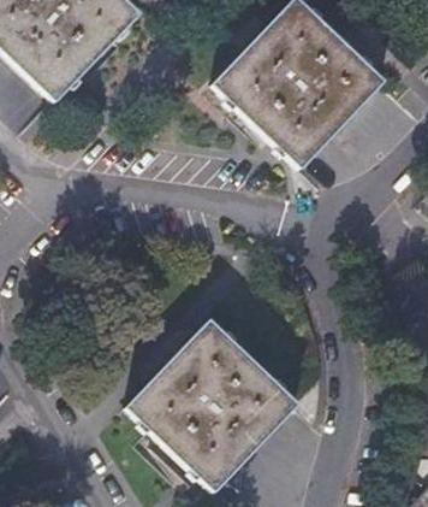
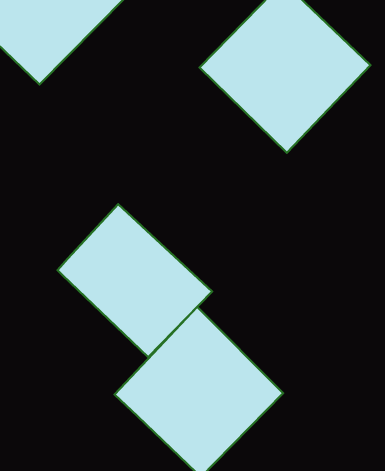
building: none -> [57,204,212,357]

